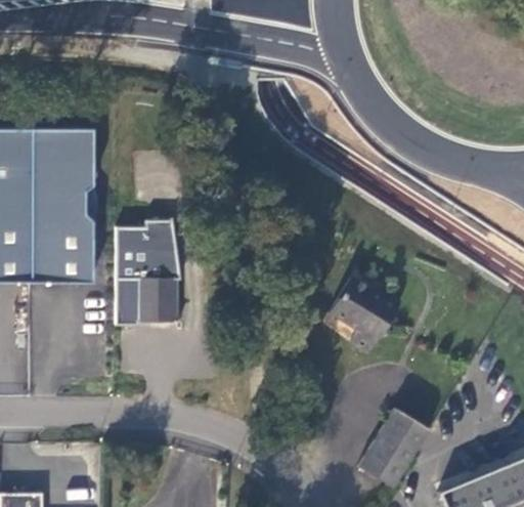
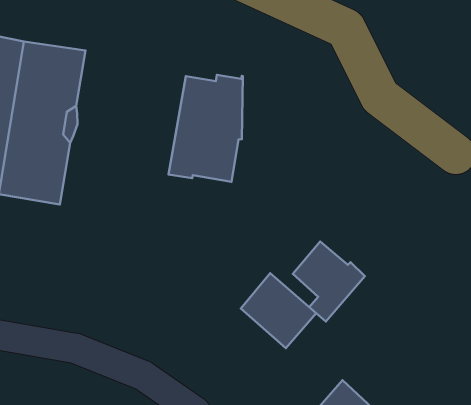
building: [115,217,180,325] -> [169,75,243,182]
building: none -> [241,273,316,348]

